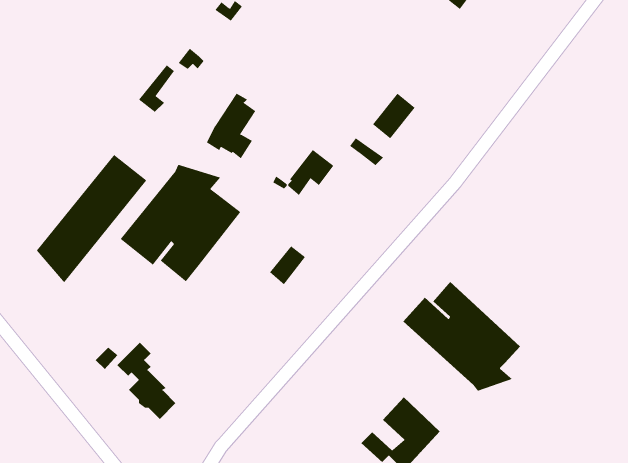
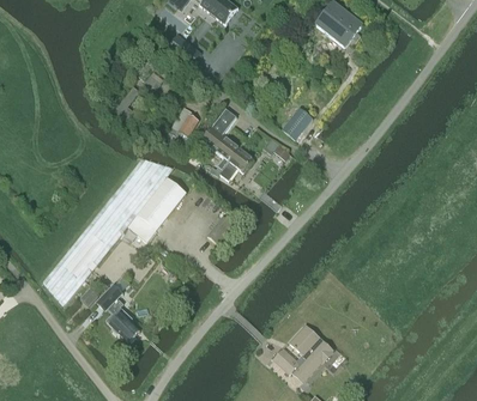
building: none -> [201,108,238,168]
building: [36,154,147,284] -> [43,211,123,304]
building: [403,281,521,391] -> none

